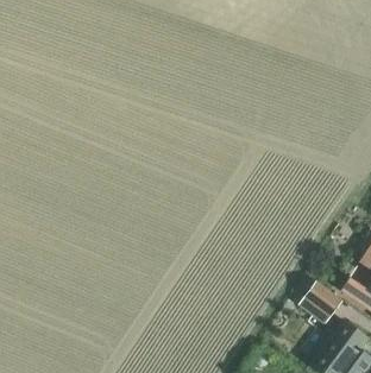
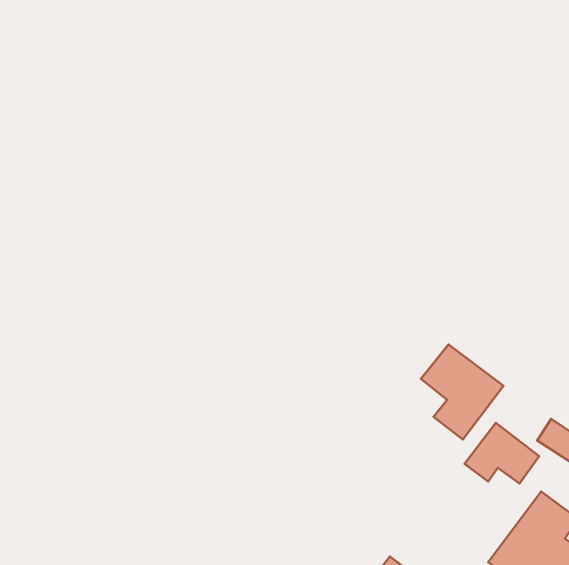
building: none -> [421,345,504,439]

